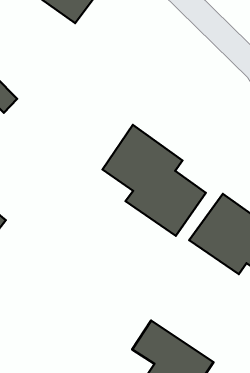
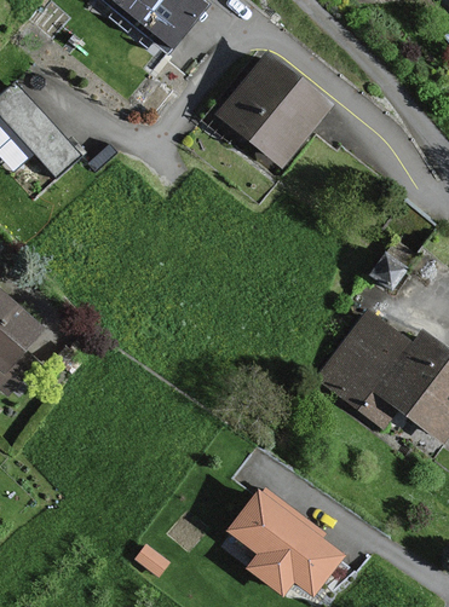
building: none -> [214,50,334,168]
building: [102,125,206,236] -> none

